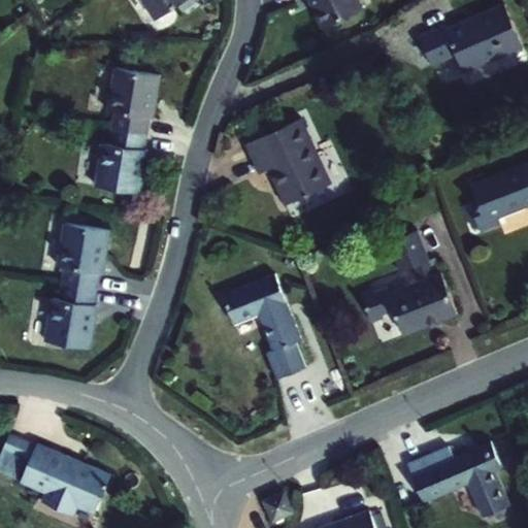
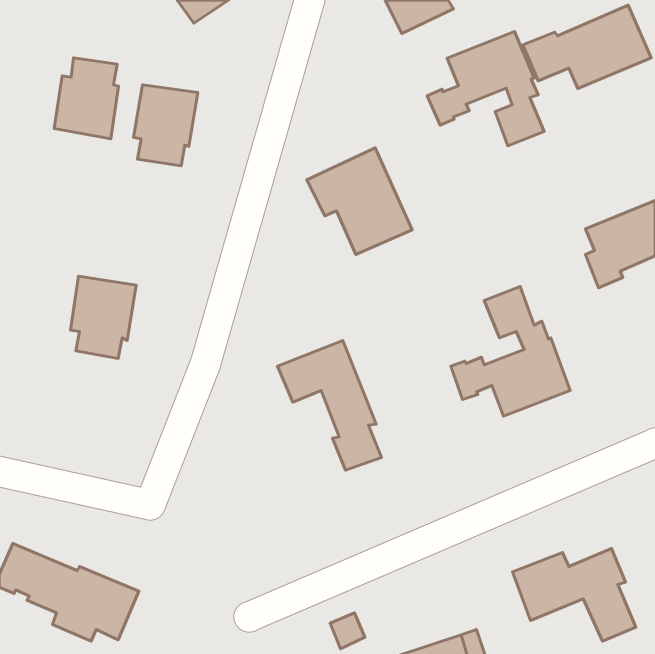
building: none -> [427,31,544,146]
building: [95,130,146,195] -> [54,58,119,139]
building: [45,284,97,349] -> none

